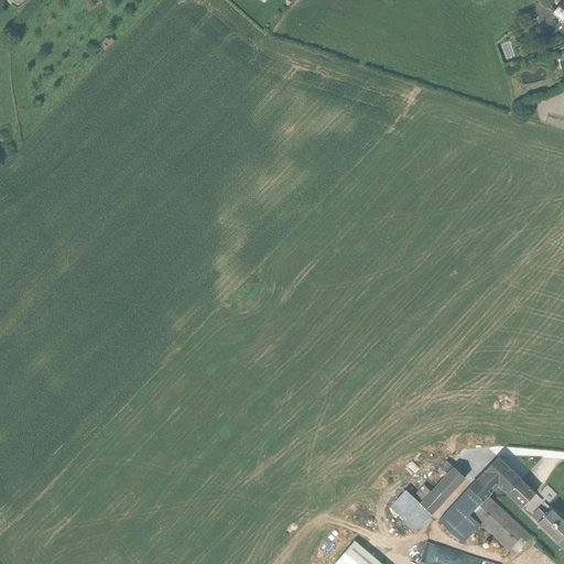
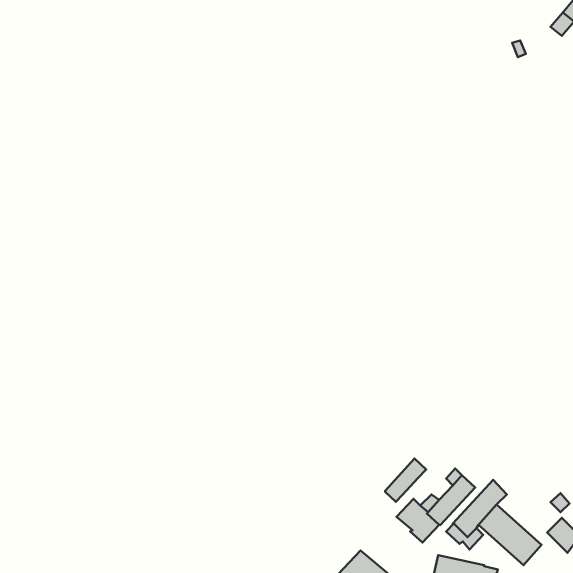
building: none -> [385,459,426,502]
building: [485,457,536,509] -> none

